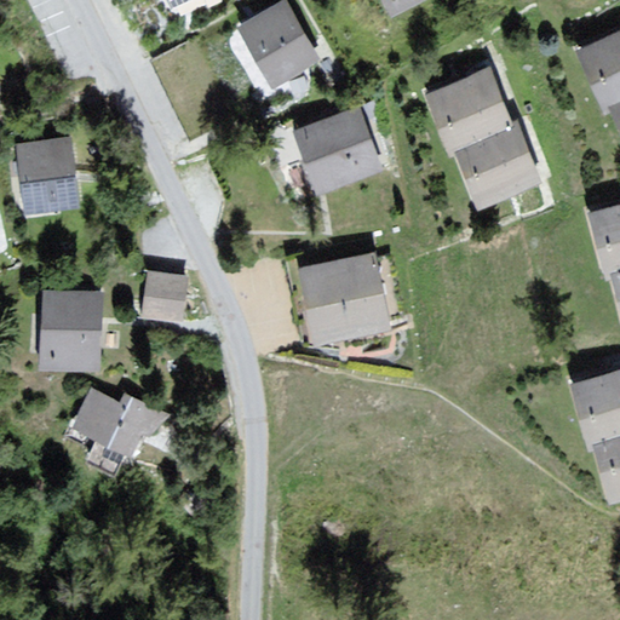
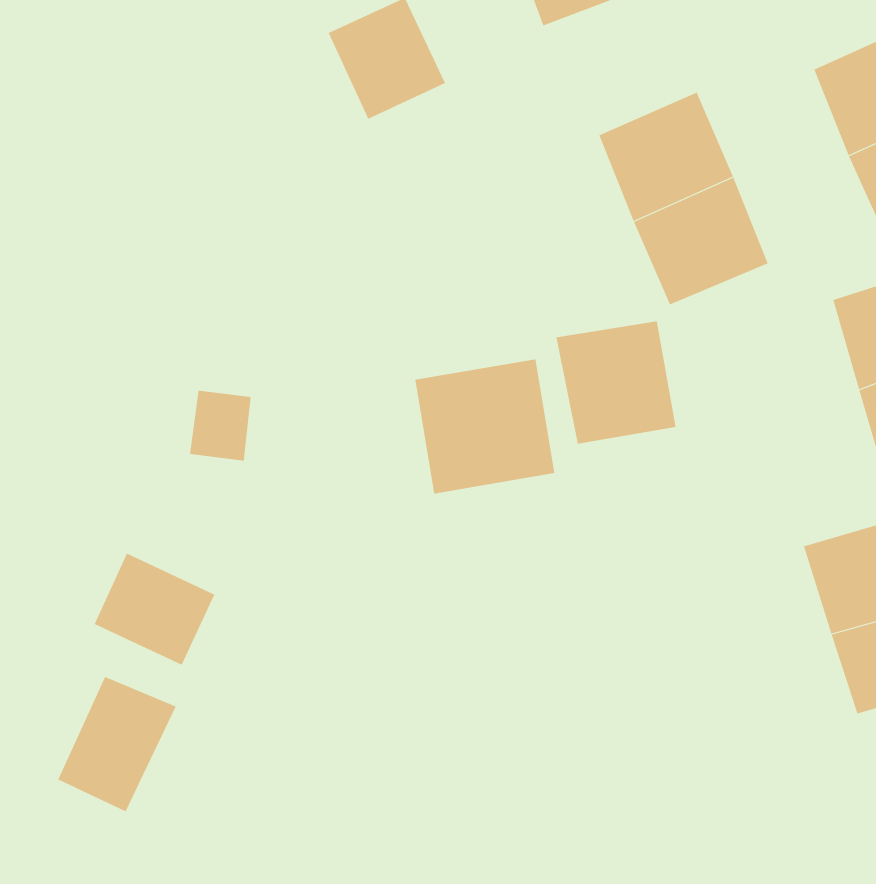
building: [293,107,385,195] -> none
building: [13,139,76,213] -> none
building: none -> [556,321,676,444]
building: [39,288,108,377] -> none
building: none -> [57,676,177,812]

